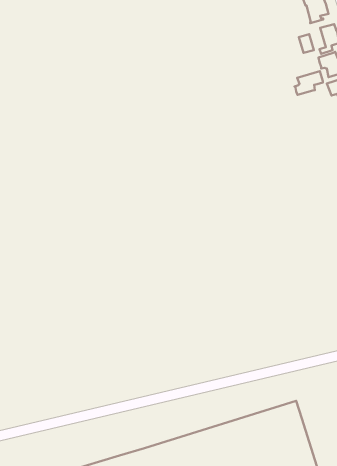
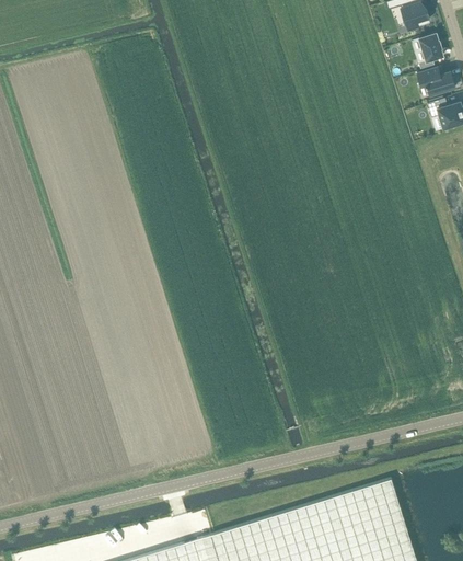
building: [295,71,323,95] -> none

